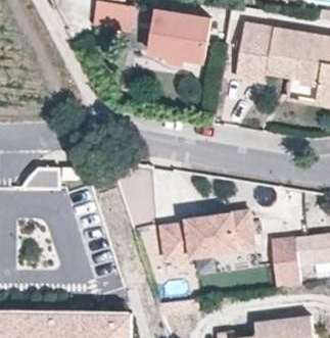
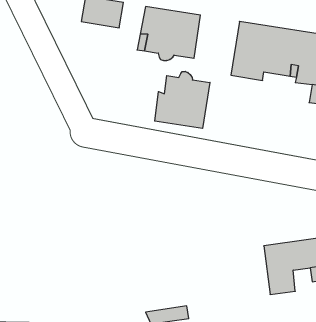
building: none -> [155,71,210,128]
building: [159,210,252,259] -> none

